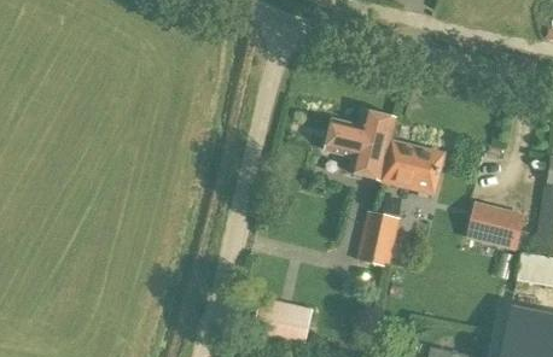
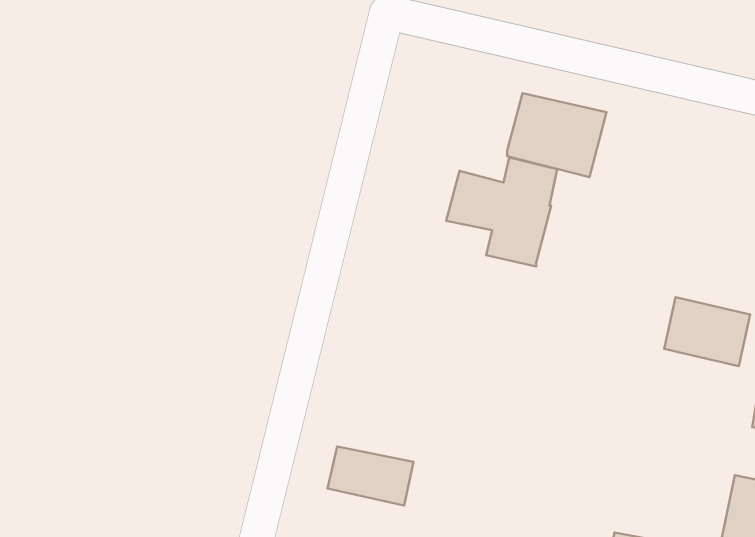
building: [382,141,444,194] -> [507,93,607,177]
building: [356,210,400,267] -> none

